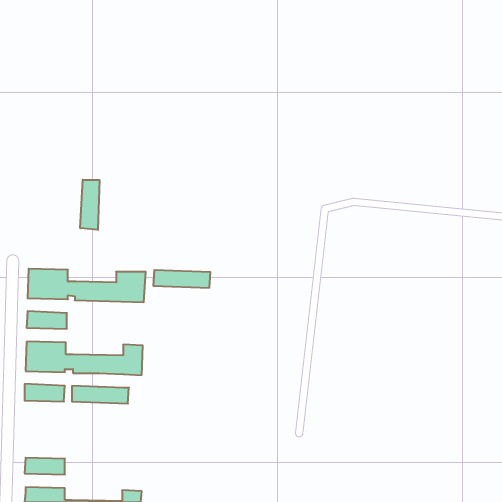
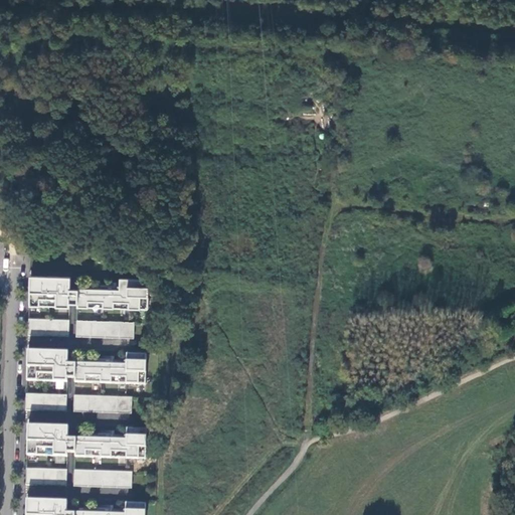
building: [80,180,99,230] -> none
building: [153,270,210,288] -> [75,320,134,338]
building: none -> [26,423,146,458]
building: none -> [73,469,132,487]

